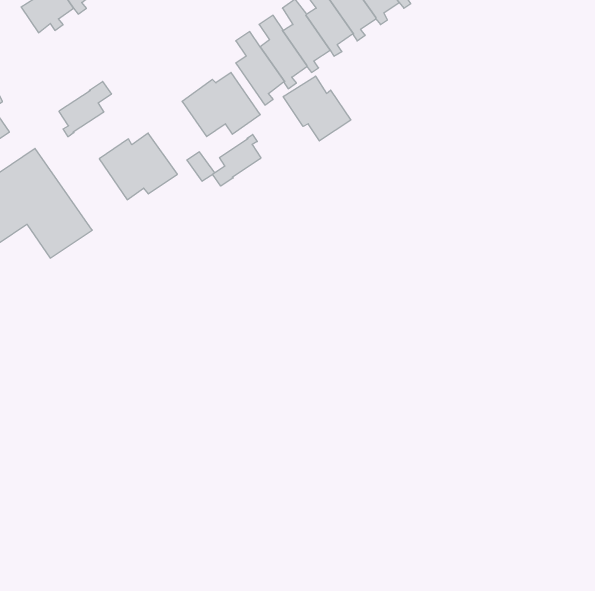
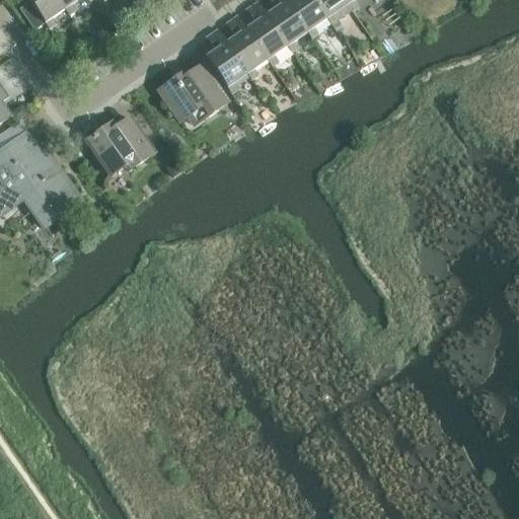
building: [283,76,351,141] -> none
building: [59,81,111,137] -> none
building: [213,134,261,186] -> none

